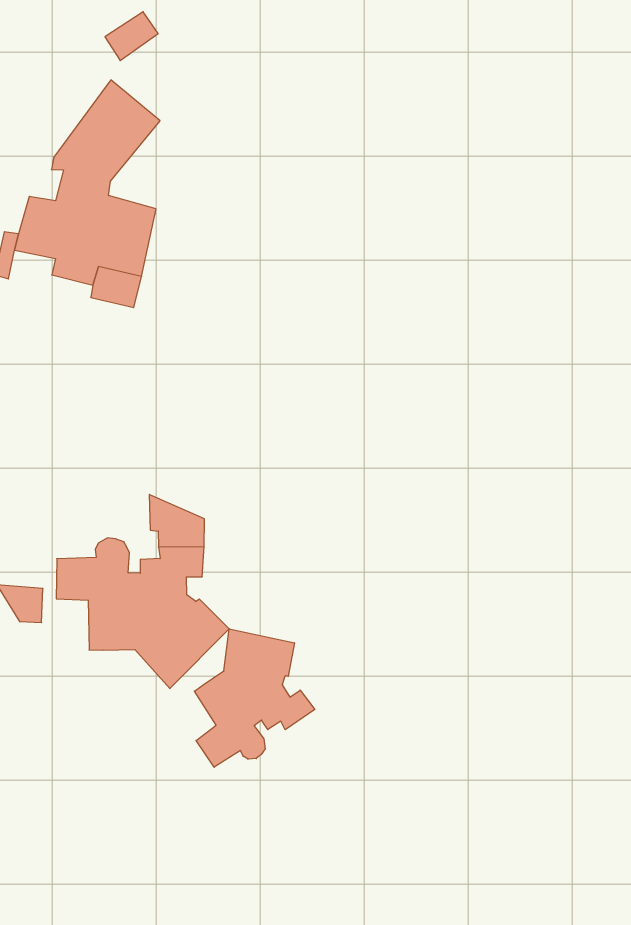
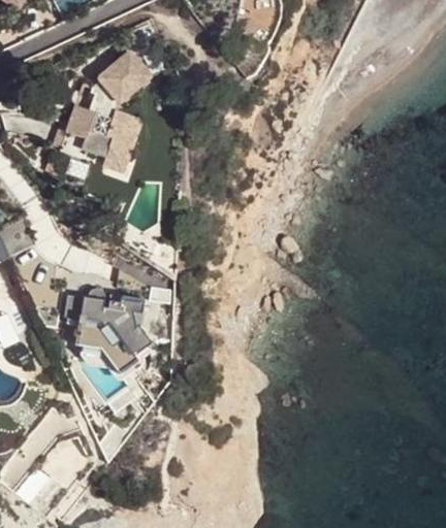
building: [194,629,315,767] -> none

